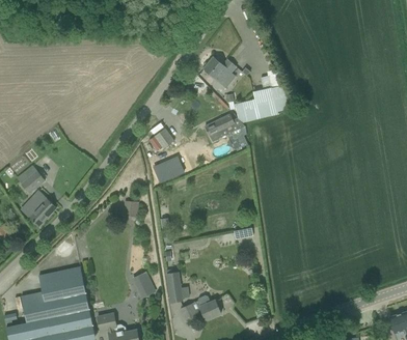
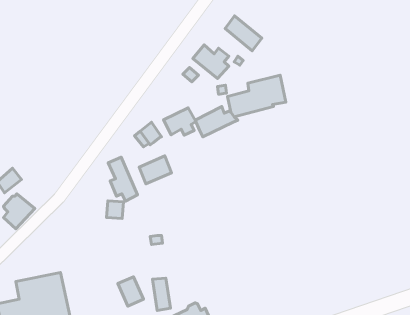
building: none -> [225,16,262,51]
building: none -> [164,108,196,135]
building: none -> [108,157,137,201]

